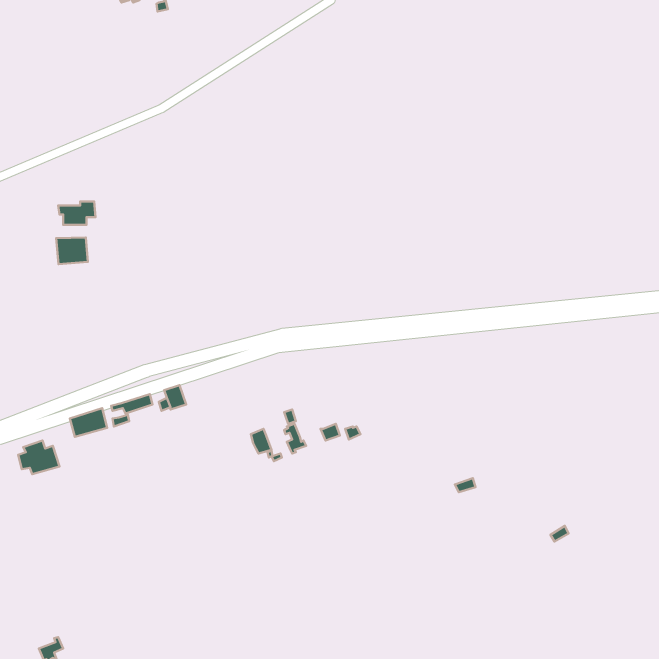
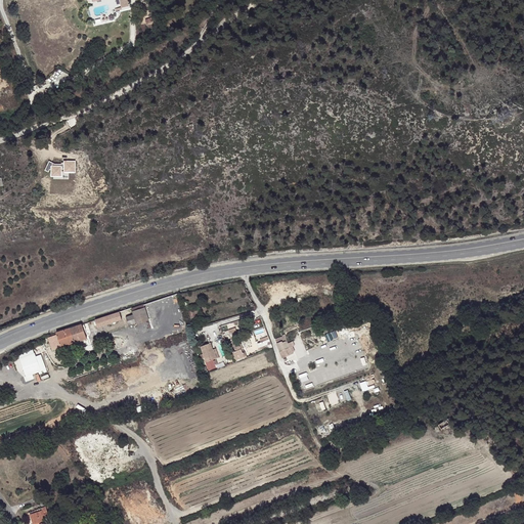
building: [56,237,88,264] -> none

